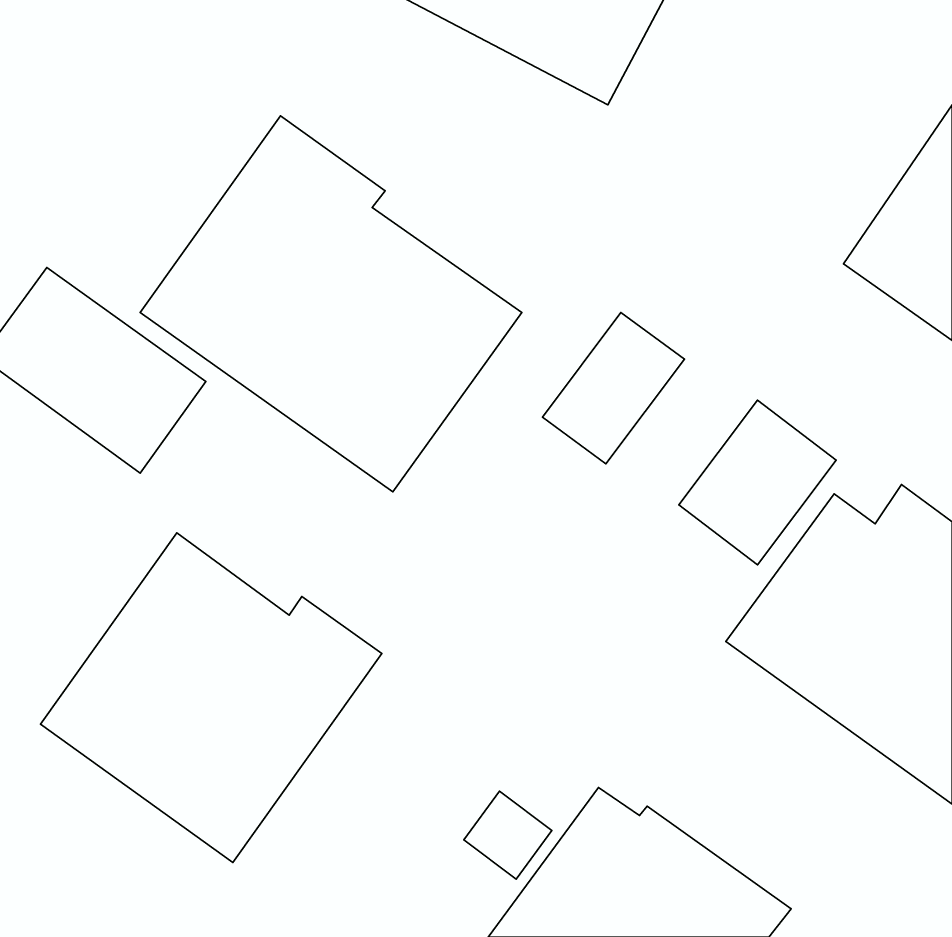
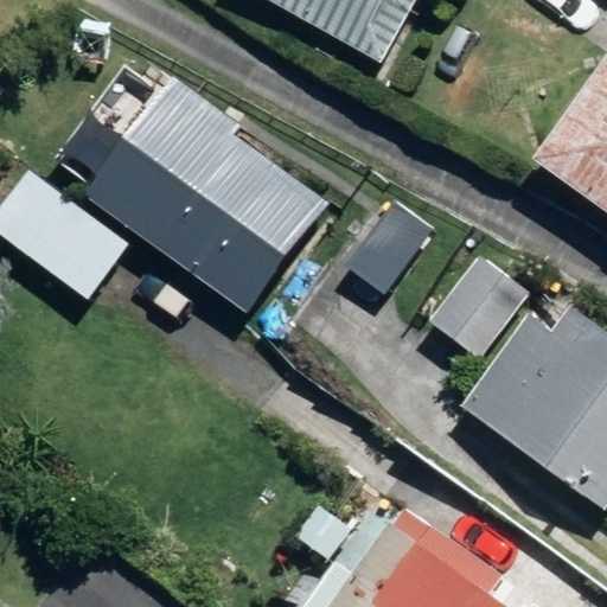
building: [41,533,382,862] -> none

